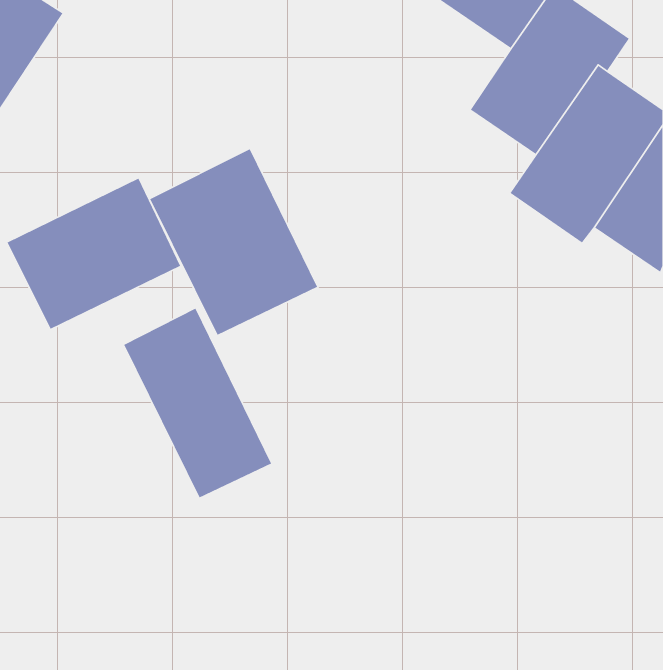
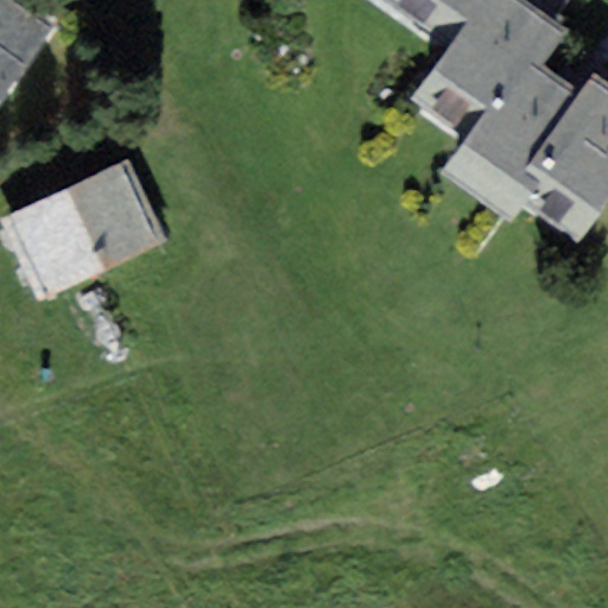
building: [149,148,318,336] -> none
building: [123,307,272,499] -> none

